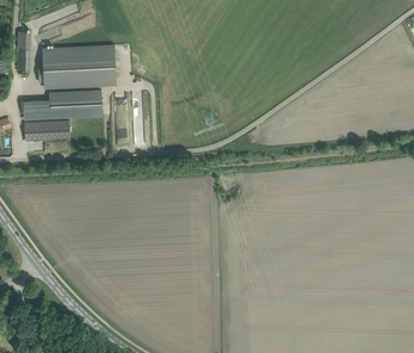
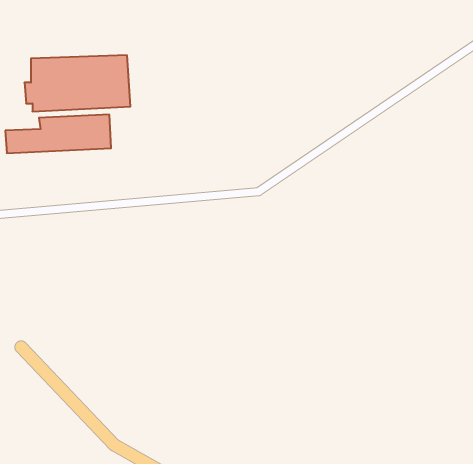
building: [25,119,70,138] -> none

